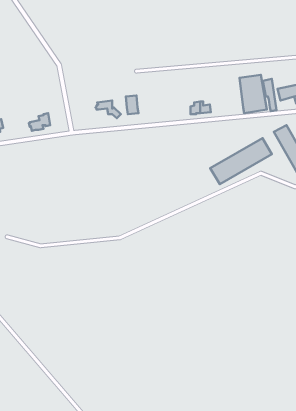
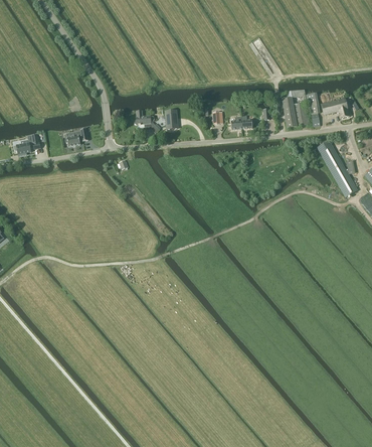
building: [210,138,272,184] -> none

